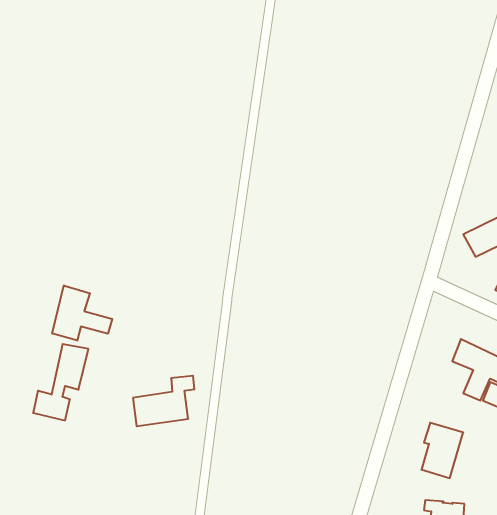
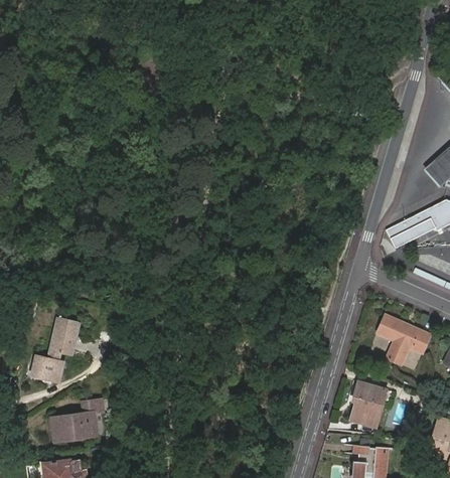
building: [52,285,112,341] -> none
building: [133,376,194,426] -> [53,400,104,441]

